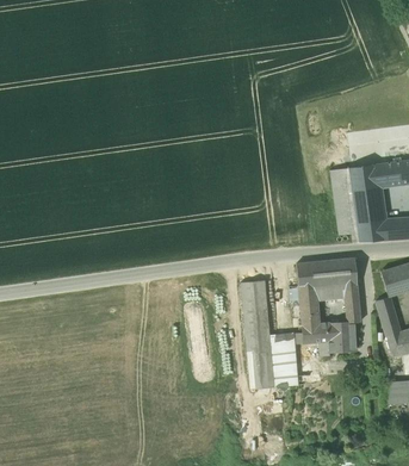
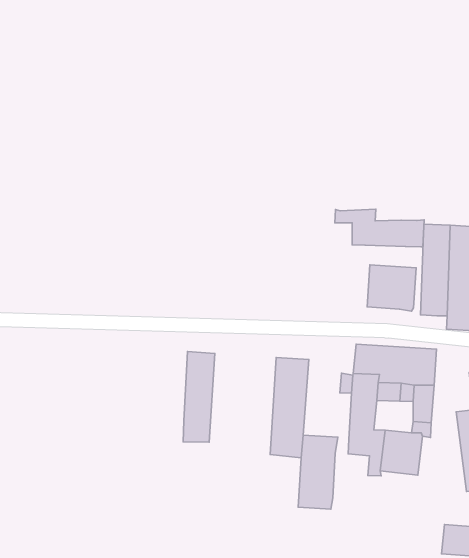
building: none -> [335,209,424,247]
building: none -> [367,265,416,311]
building: none -> [183,352,215,442]
building: [248,352,274,389] -> none

